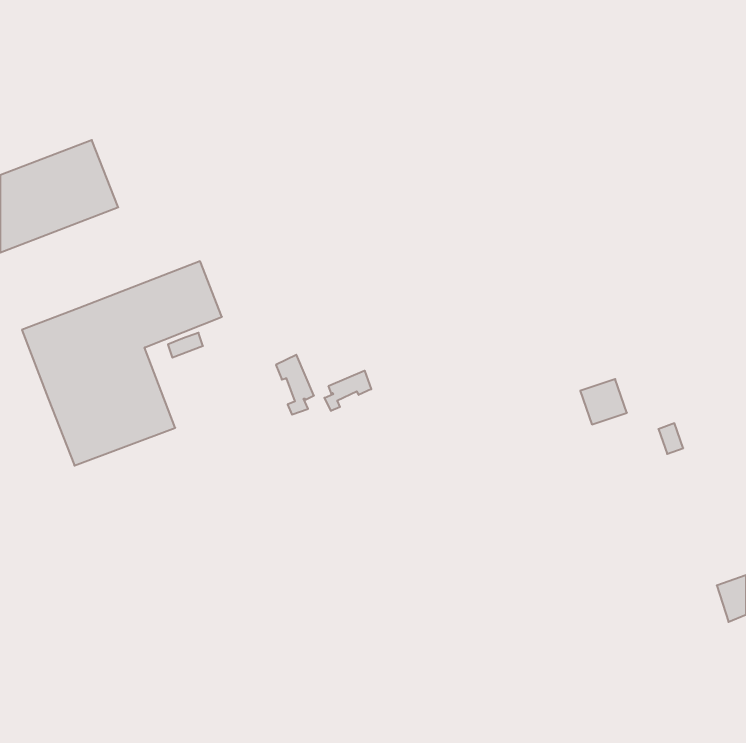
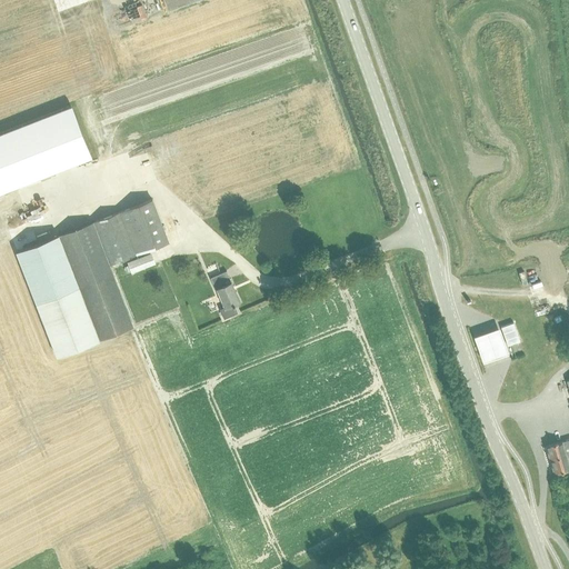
building: [324,371,371,411] -> none
building: [580,379,627,424] -> [472,328,508,362]

